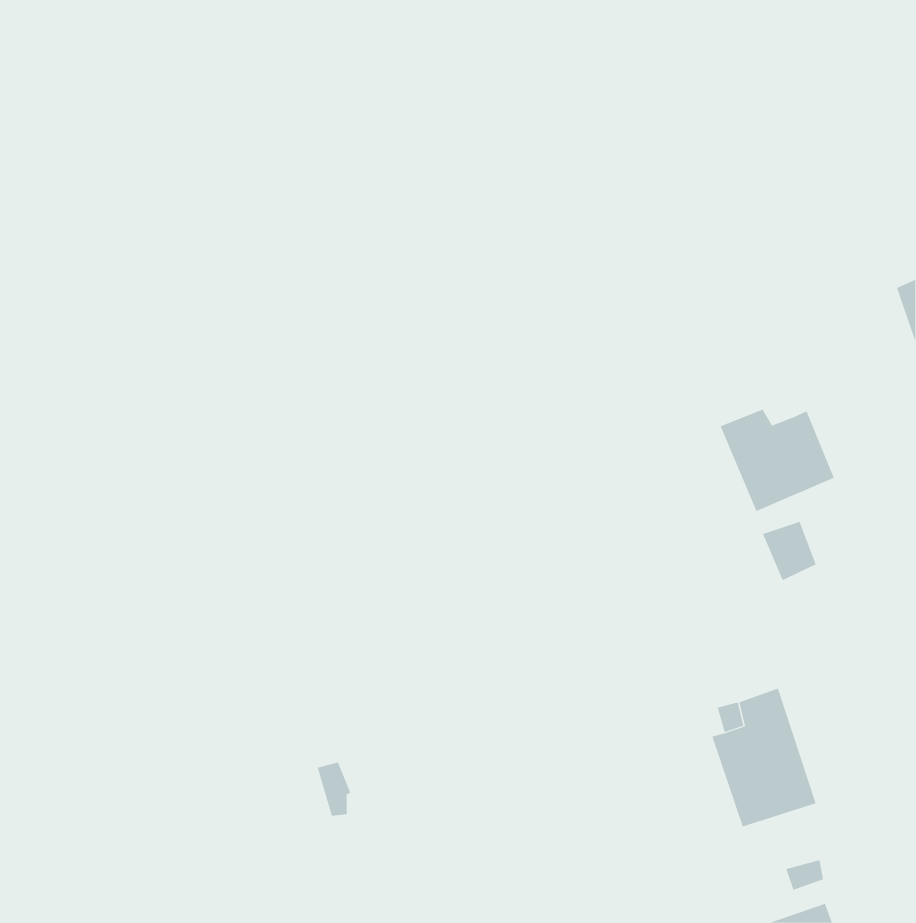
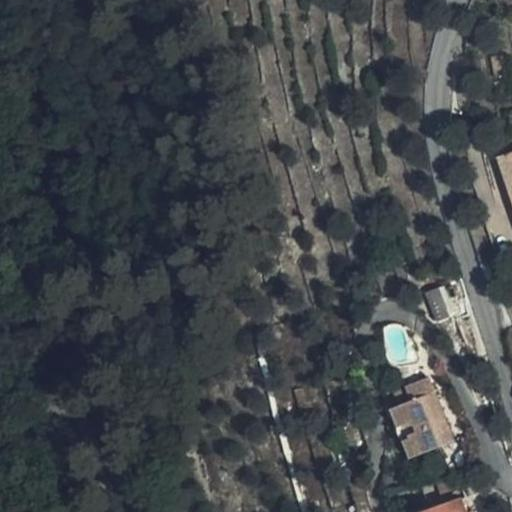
building: [720,409,834,512] -> none

